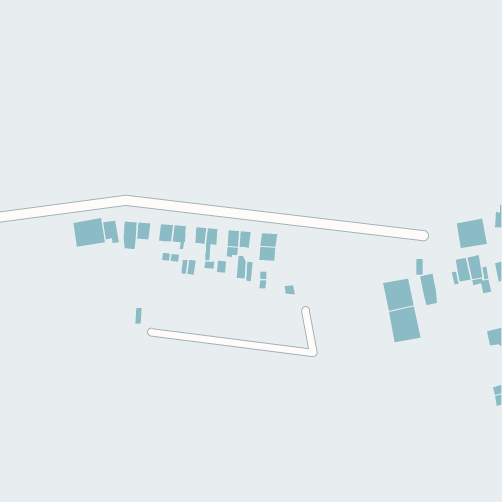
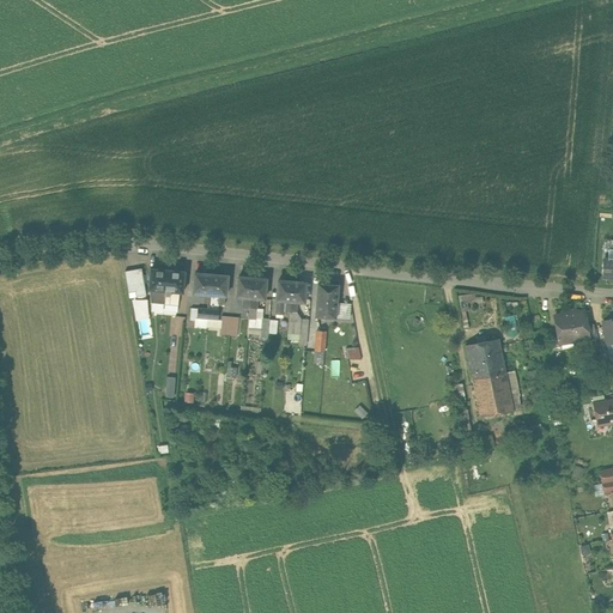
building: [73,217,106,247] -> none
building: [456,218,488,249] -> none
building: [419,273,437,306] -> none

